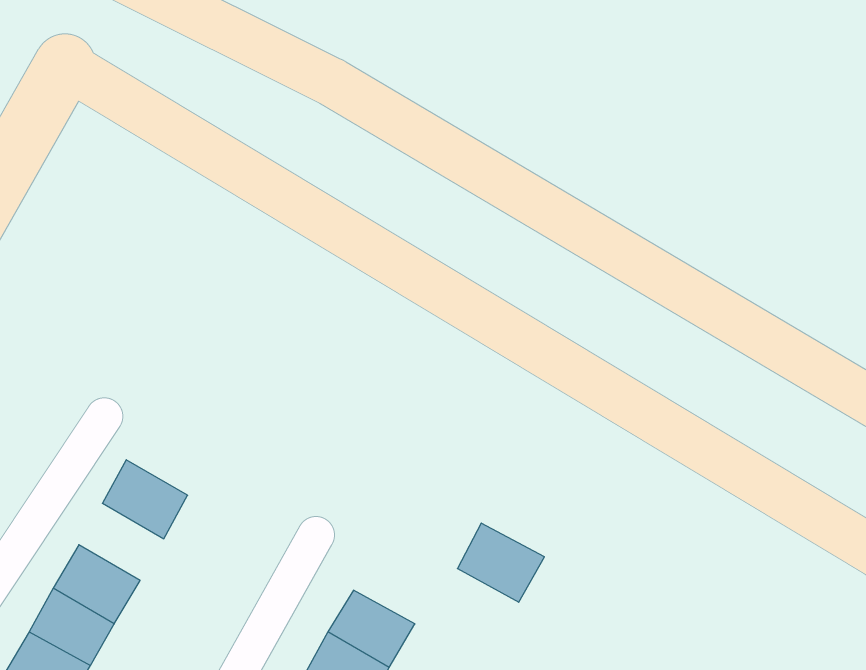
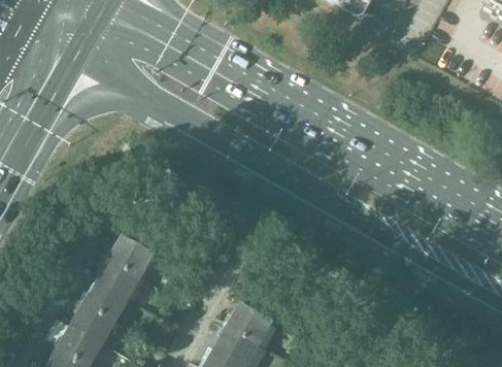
building: none -> [109,234,155,275]
building: none -> [85,279,129,320]
building: [457,523,544,602] -> [228,301,273,342]

